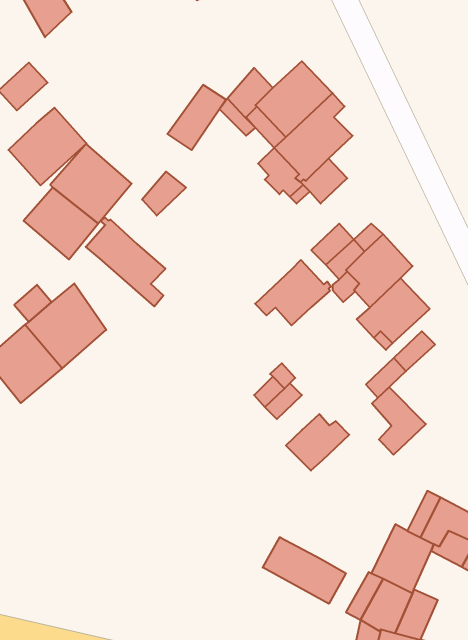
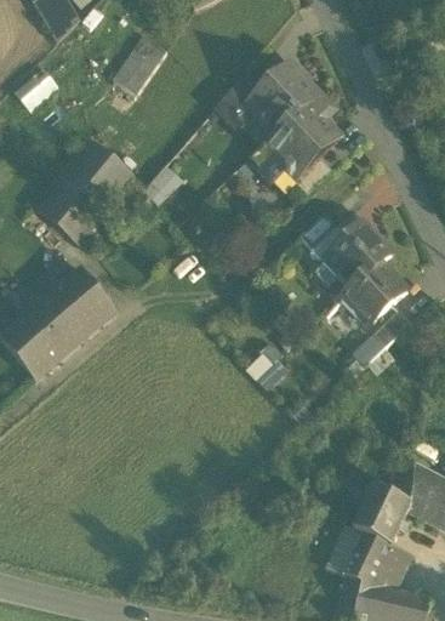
building: [167,85,226,150] -> [115,35,169,95]
building: [8,108,87,185] -> none
building: [86,218,165,306] -> none
building: [255,260,331,325] -> none
building: [372,387,426,455] -> none
building: [286,414,349,471] -> none
building: [263,537,346,604] -> none

